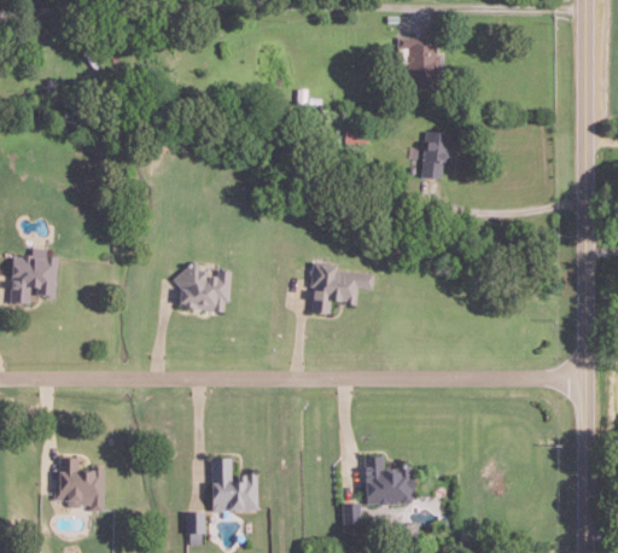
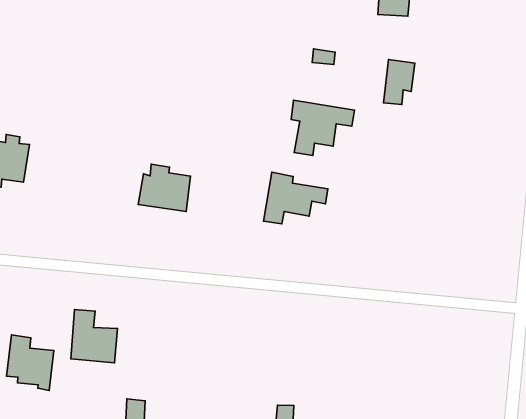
building: none -> [291,100,355,155]
building: [365,455,412,503] -> none
building: [210,458,257,510] -> [71,309,118,363]

